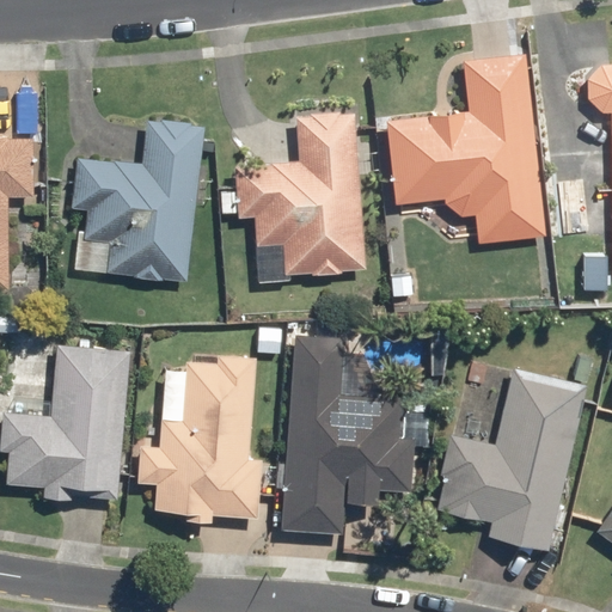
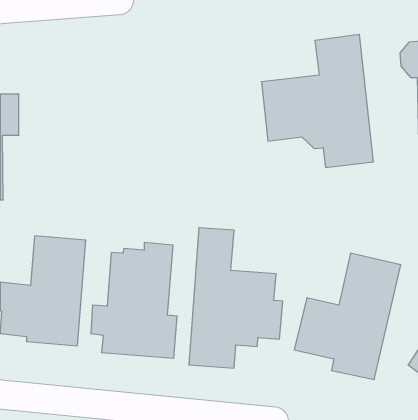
building: [232,112,366,284] -> none
building: [69,120,206,283] -> none

